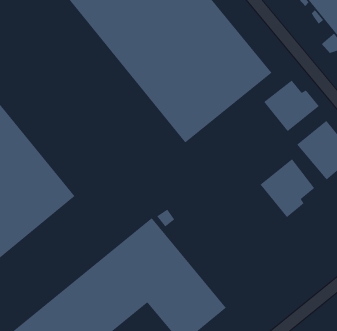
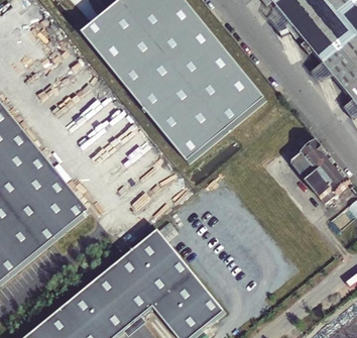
building: [263,80,320,132] -> none
building: [260,158,315,218] -> none

